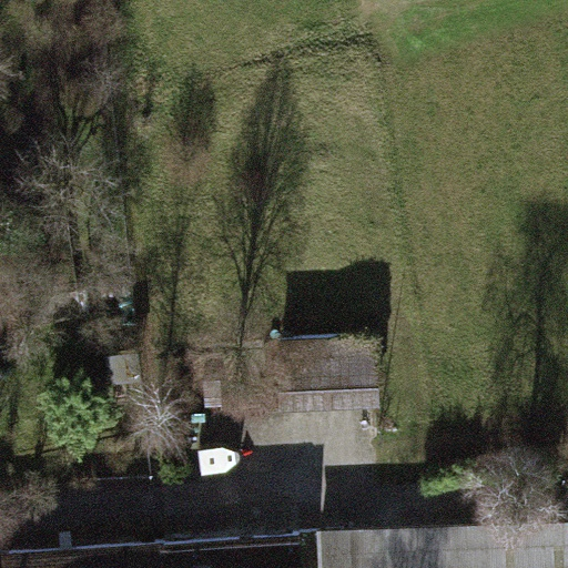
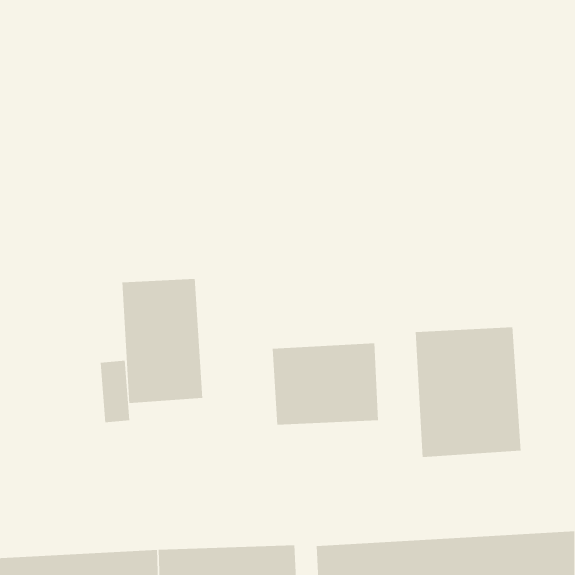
building: none -> [122,278,203,404]
building: none -> [415,326,521,458]

